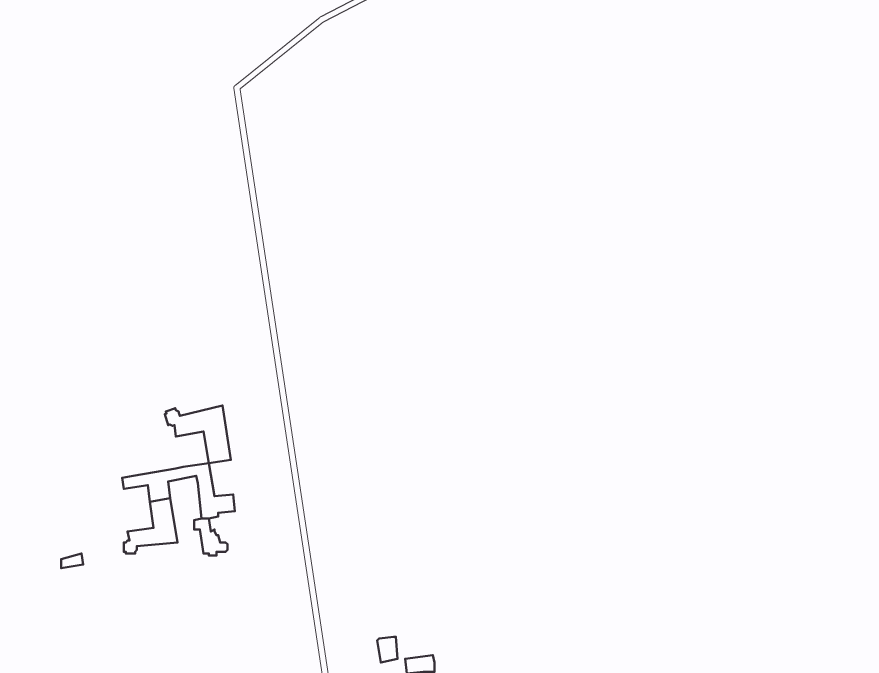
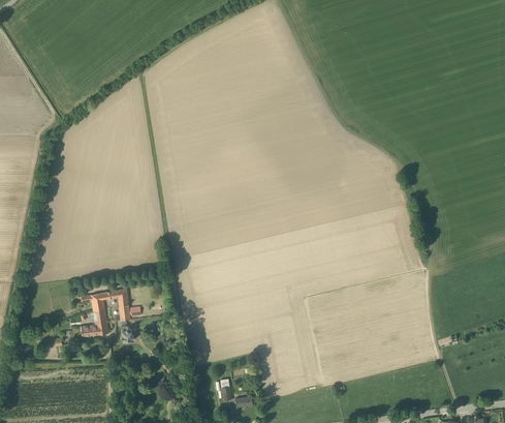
building: [165,405,231,463] -> none

